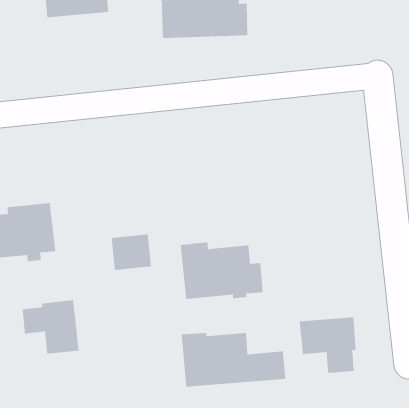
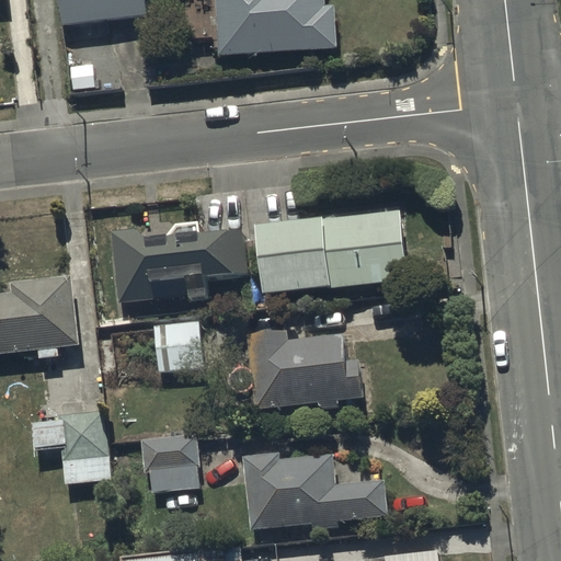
building: none -> [257,198,405,295]
building: none -> [110,222,243,300]
building: [299,316,356,374] -> none
building: none -> [139,433,197,490]

